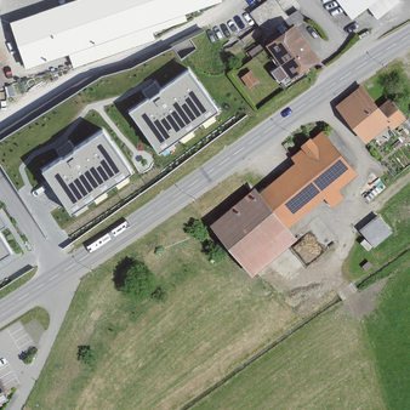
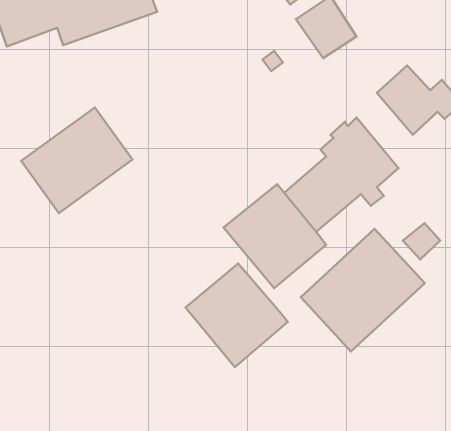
building: [124,59,218,149] -> none
building: none -> [301,229,425,351]
building: none -> [185,264,288,367]

